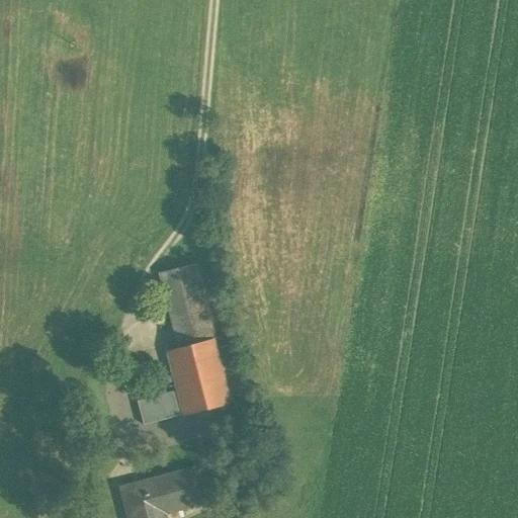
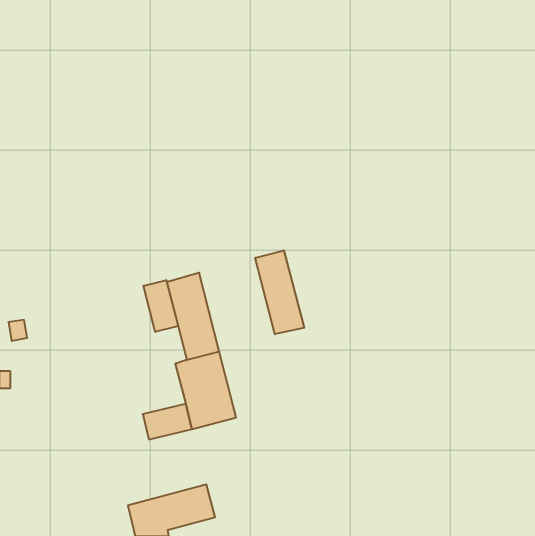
building: none -> [255,250,304,334]
building: none -> [143,280,178,332]

